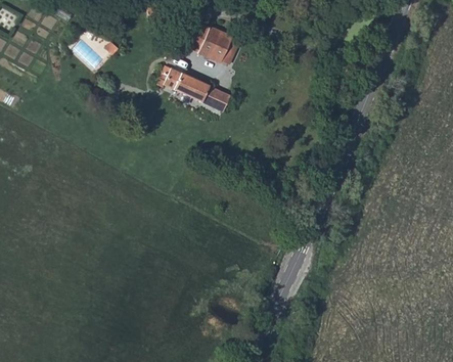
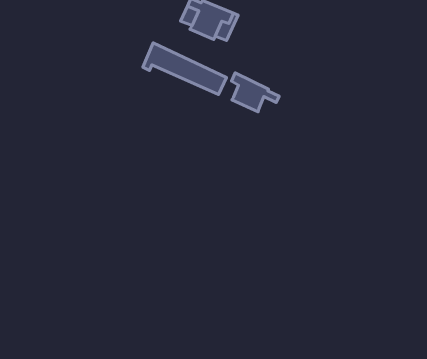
building: none -> [232,73,279,112]

